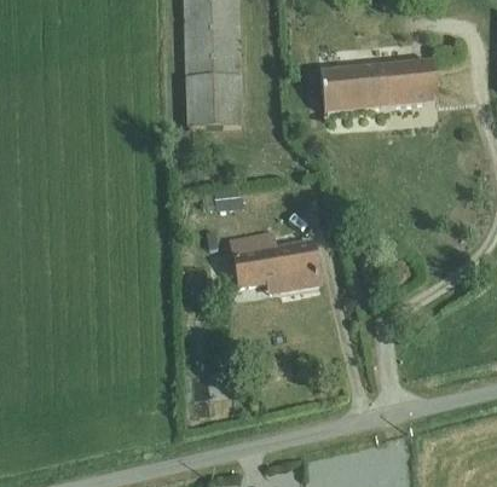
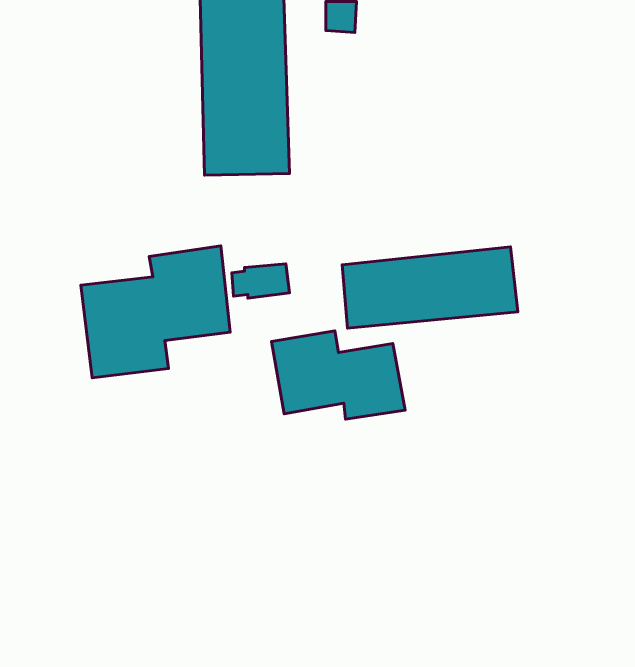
building: [320,57,438,111] -> [342,247,518,328]
building: none -> [81,246,230,378]

